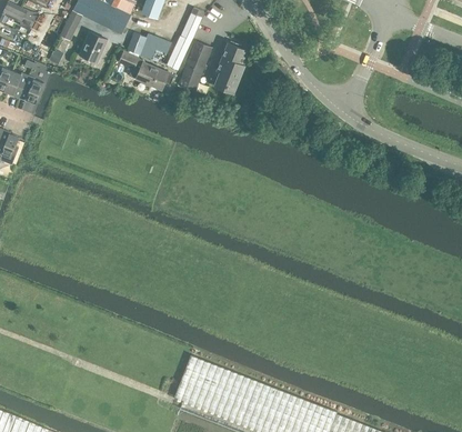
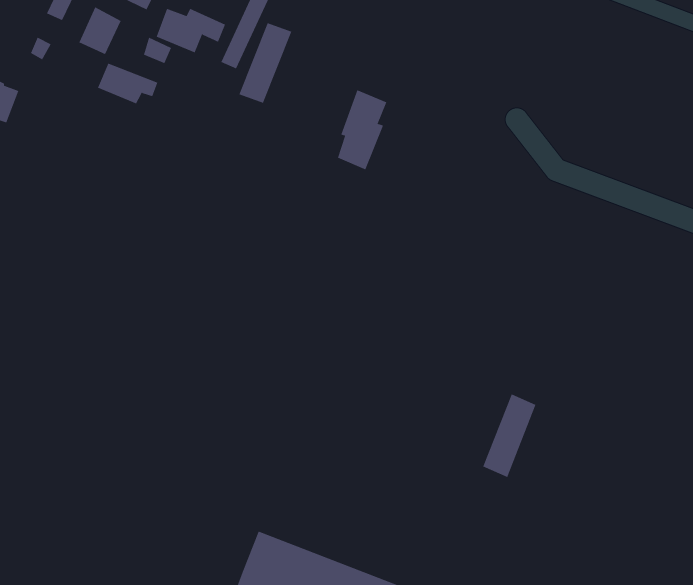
building: [214,42,245,92] -> [337,89,387,170]
building: [135,62,173,88] -> [97,63,158,104]
building: none -> [483,394,536,478]

